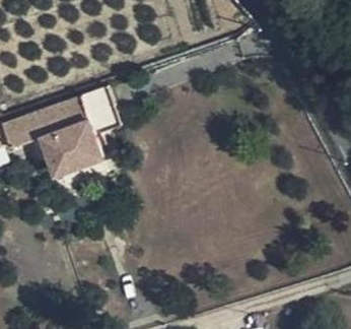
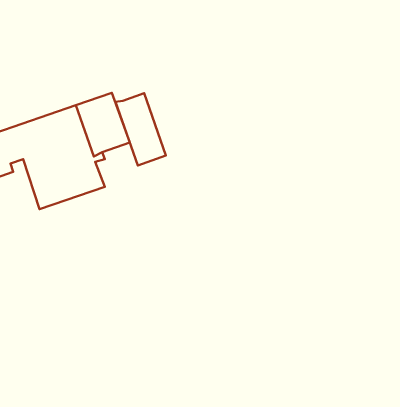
building: none -> [115,93,166,165]

